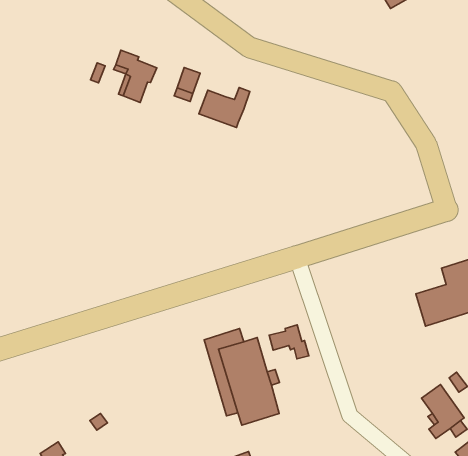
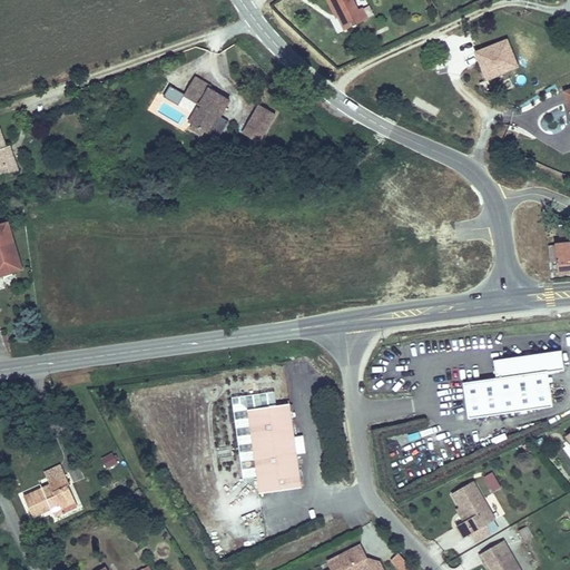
building: [199,87,250,127] -> none
building: [269,325,309,359] -> none

